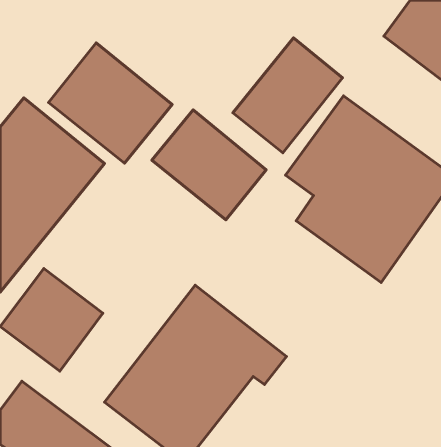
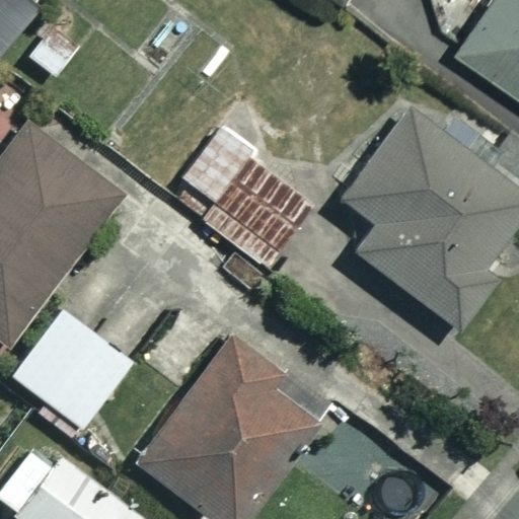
building: [233,38,343,153] -> none
building: [49,43,172,163] -> none

